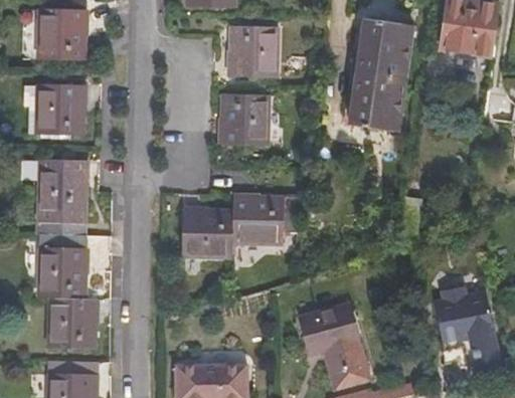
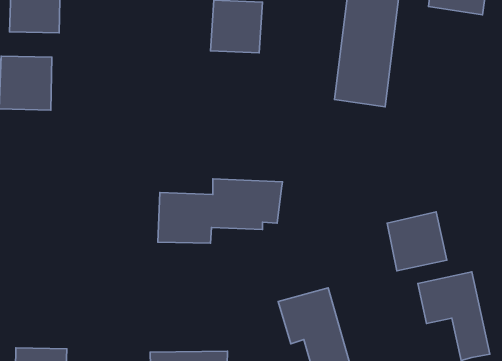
building: [223,97,273,147] -> none
building: [39,148,97,349] -> none
building: none -> [387,212,447,271]

